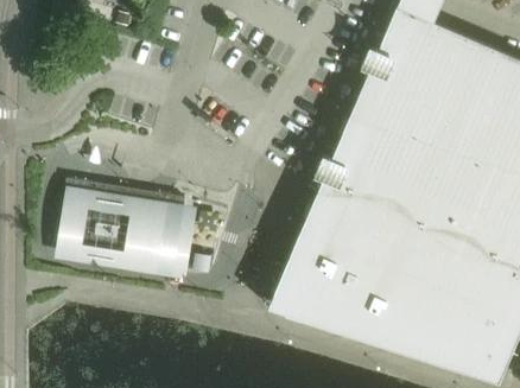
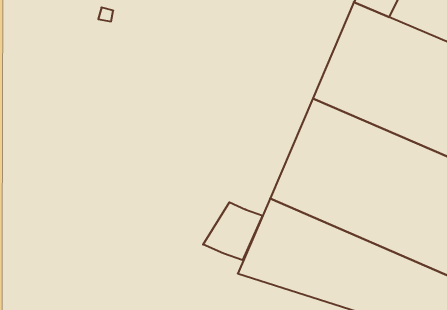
building: [52,180,184,271] -> none
building: none -> [203,202,263,260]

